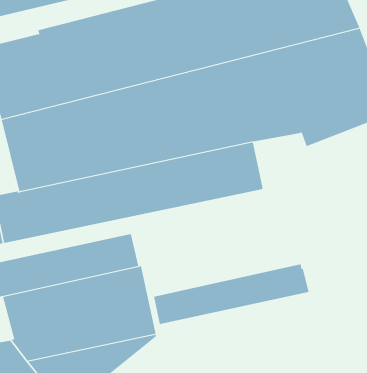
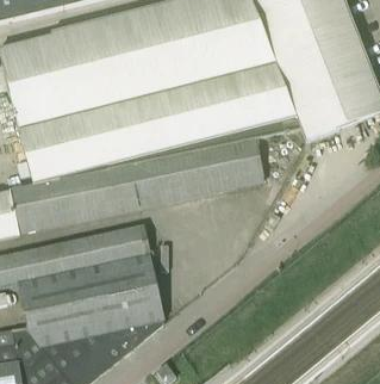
building: [154,263,309,325] -> none

